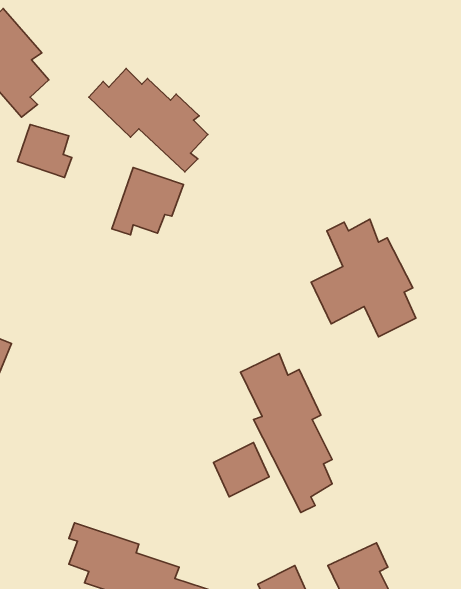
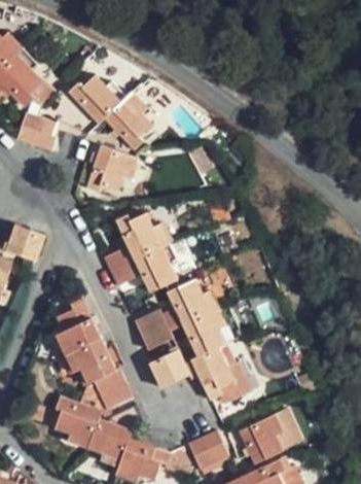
building: [311,219,416,337] -> [109,207,184,291]
building: none -> [7,219,48,257]
building: none -> [64,293,140,405]
building: none -> [140,303,178,344]

